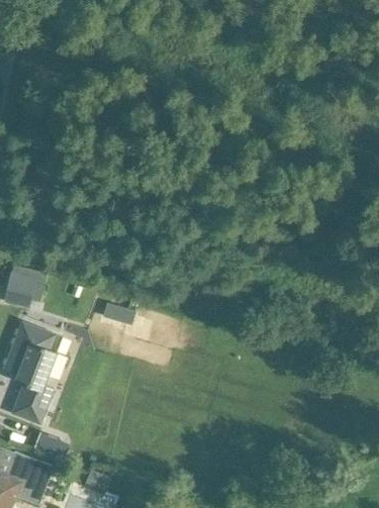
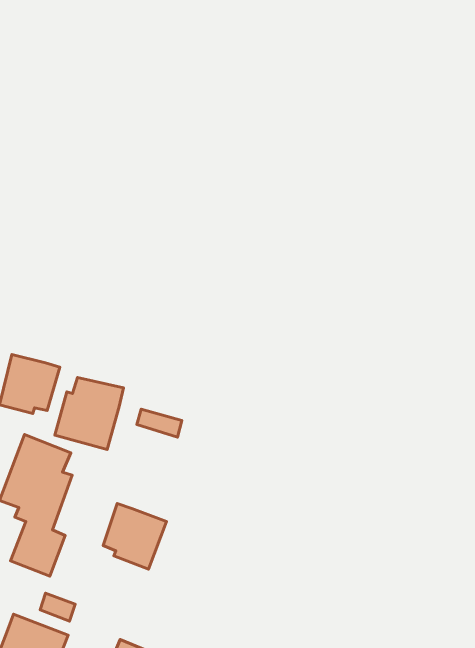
building: none -> [55,378,123,449]
building: none -> [103,504,166,569]

